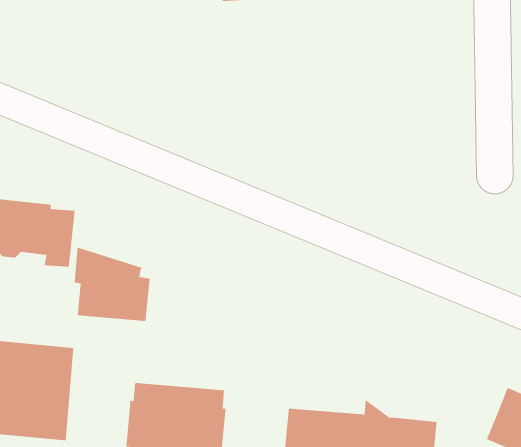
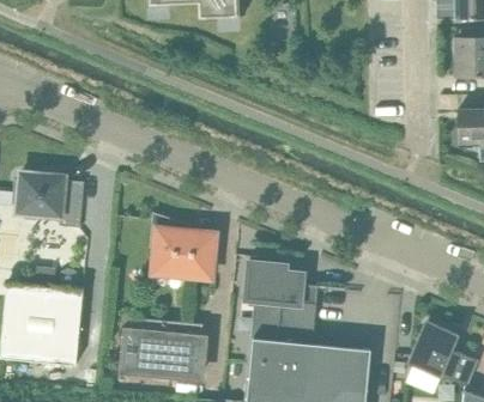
building: [74,246,151,322] -> [152,217,213,276]
building: none -> [247,256,316,343]

